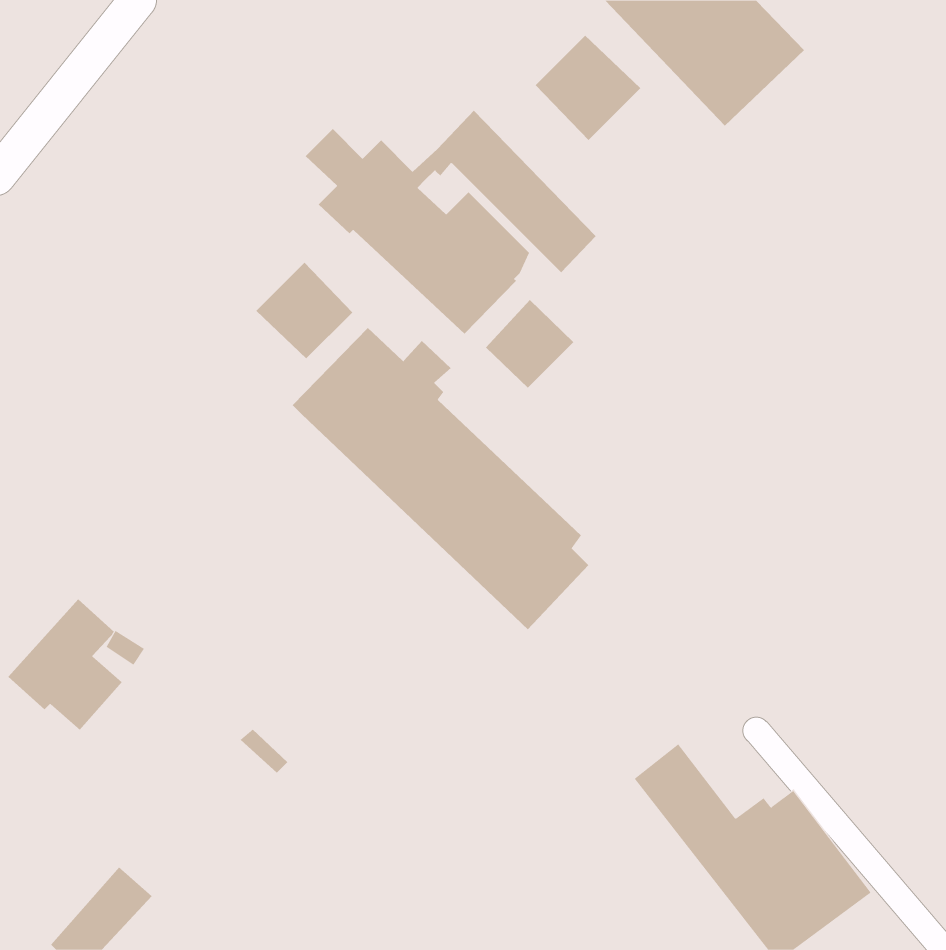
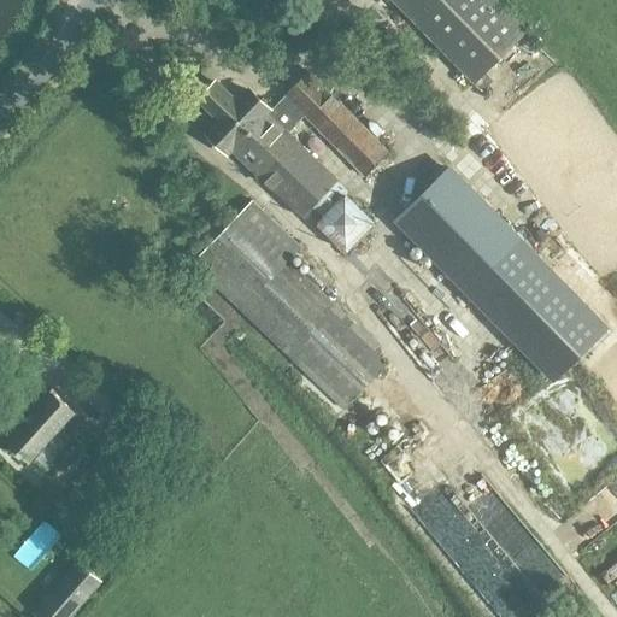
building: [535,35,641,141] -> none
building: [255,262,353,359] -> none
building: none -> [399,170,606,380]

